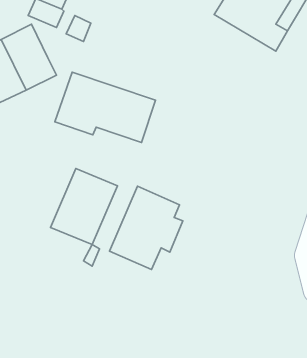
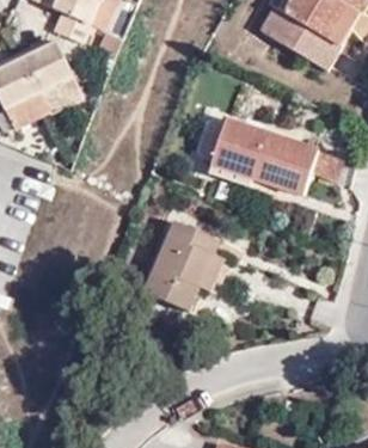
building: [55,72,155,142] -> [207,117,318,195]
building: [50,169,118,245] -> none

